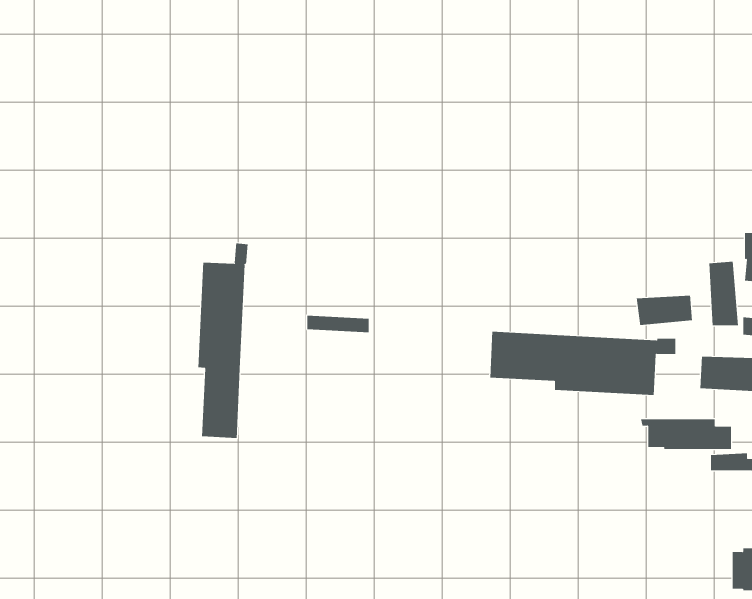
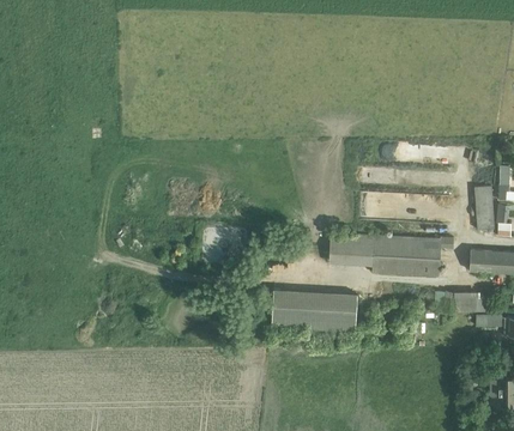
building: [198,243,248,439] -> none
building: [636,295,692,326] -> none
building: none -> [280,281,365,326]

